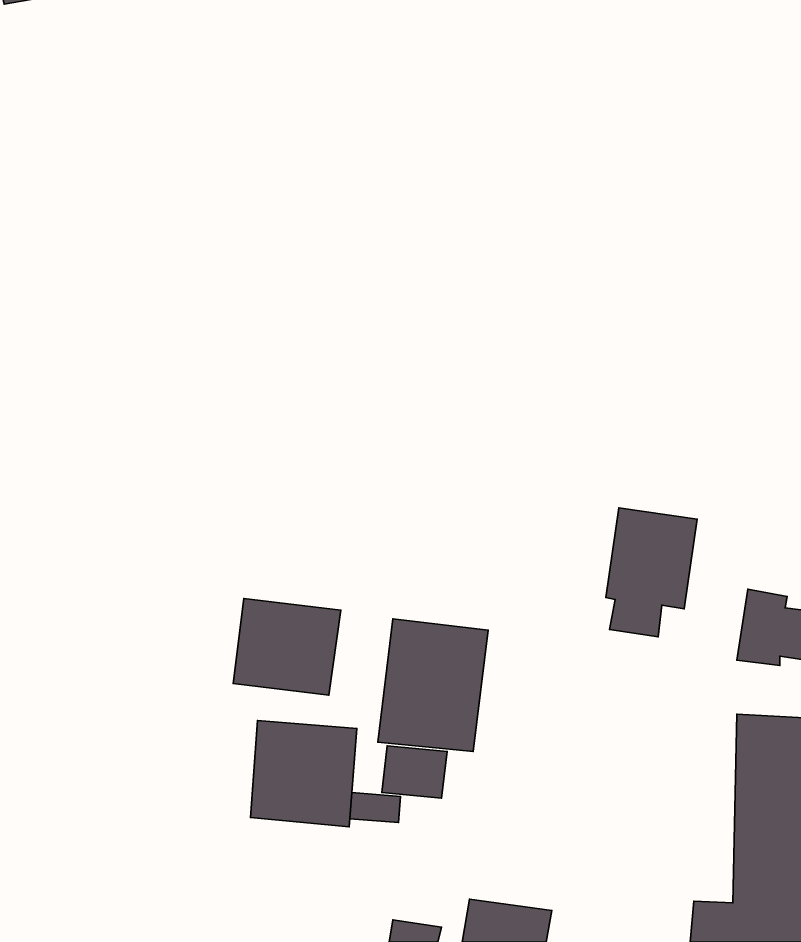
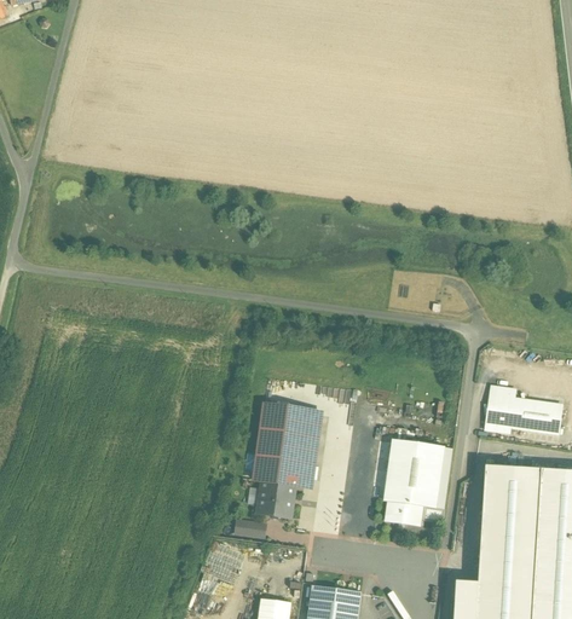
building: [606,508,697,637] -> [386,440,445,523]
building: [233,598,341,695] -> none
building: [250,721,357,827] -> none

